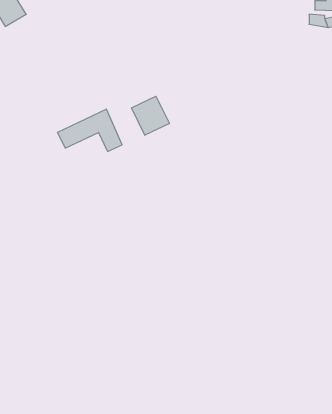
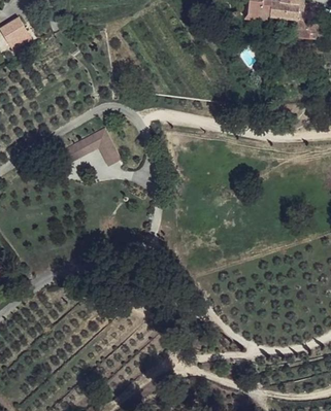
building: [131,96,169,135] -> none

